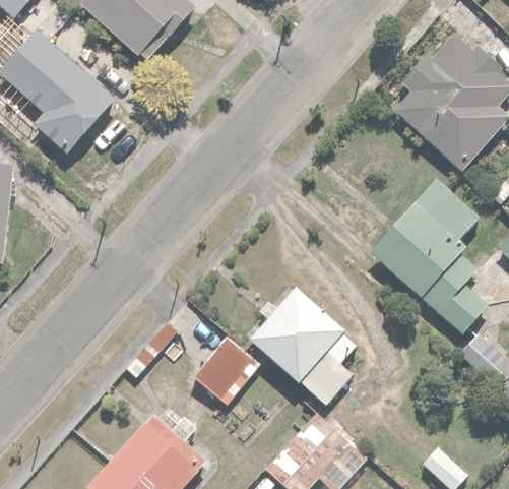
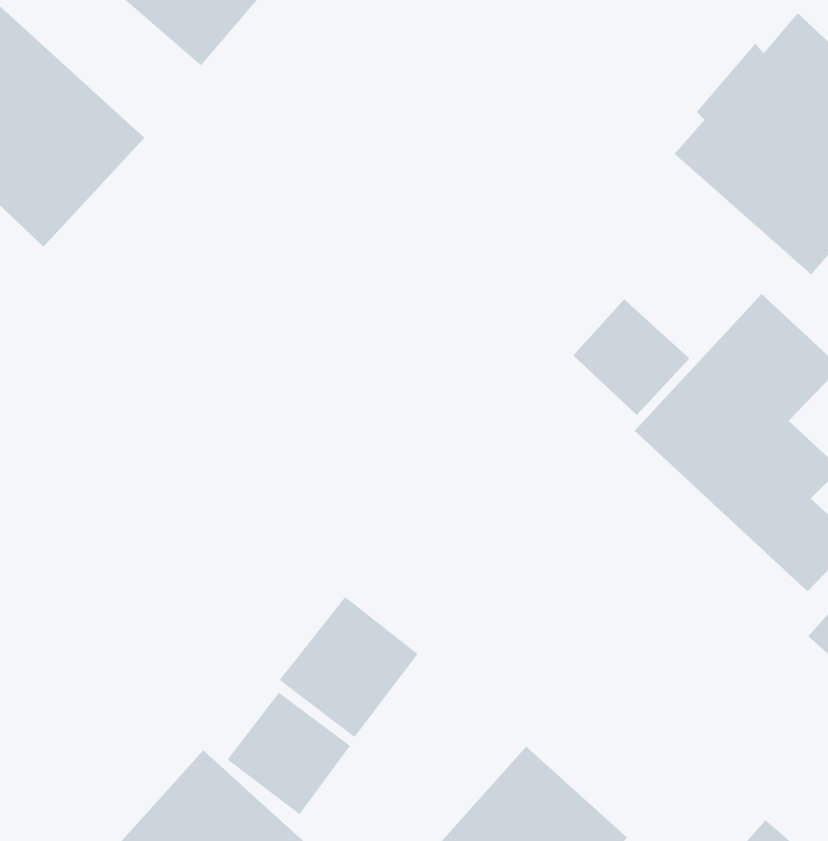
building: none -> [572,299,690,416]
building: [249,284,359,407] -> none
building: none -> [227,692,351,815]

